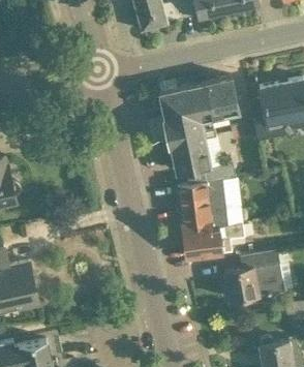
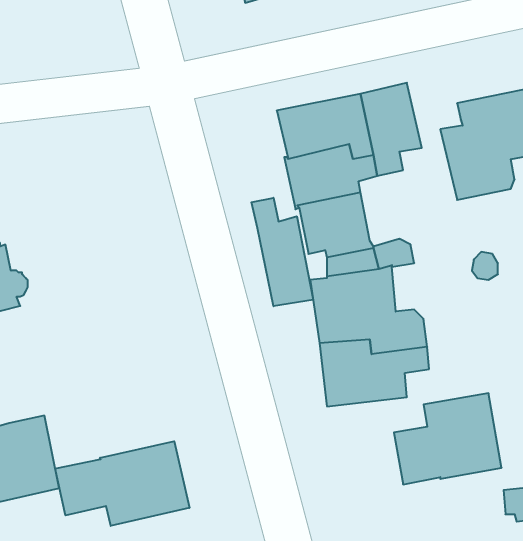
building: none -> [251,198,313,306]
building: none -> [55,441,189,526]

